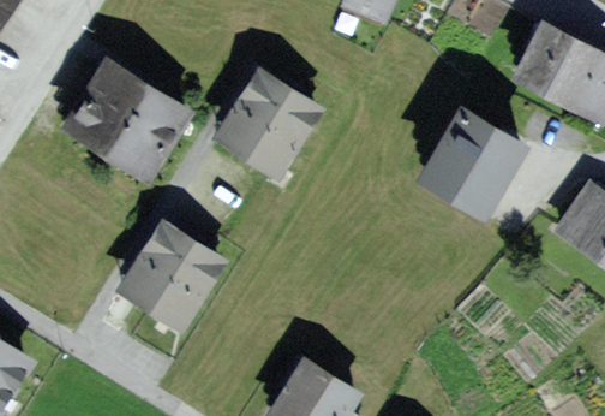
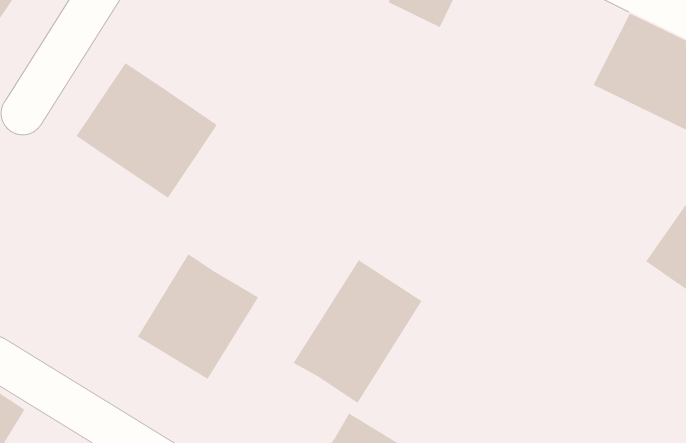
building: [220,72,321,176] -> none
building: [431,120,525,214] -> none
building: none -> [292,259,422,404]

